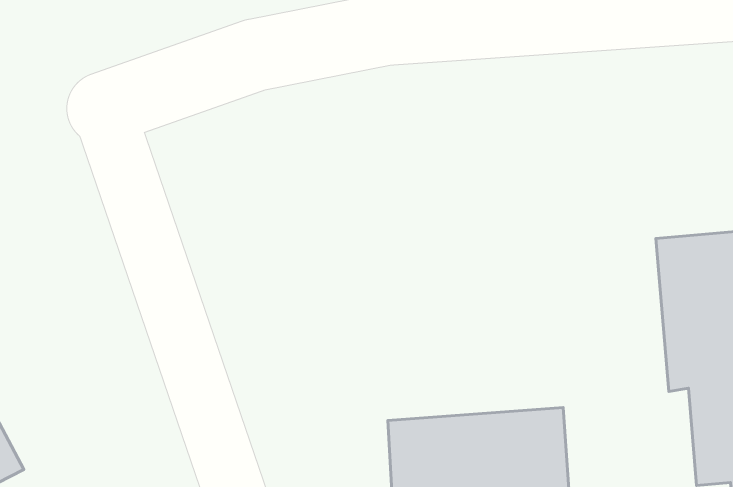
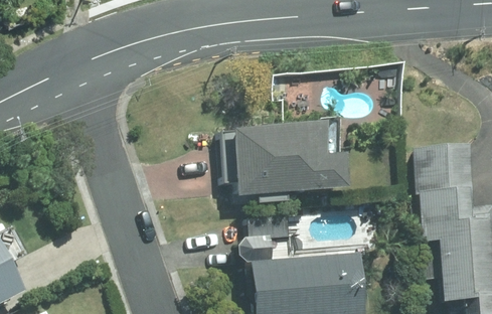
building: none -> [227,123,342,197]

